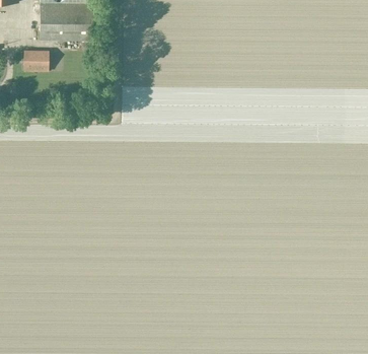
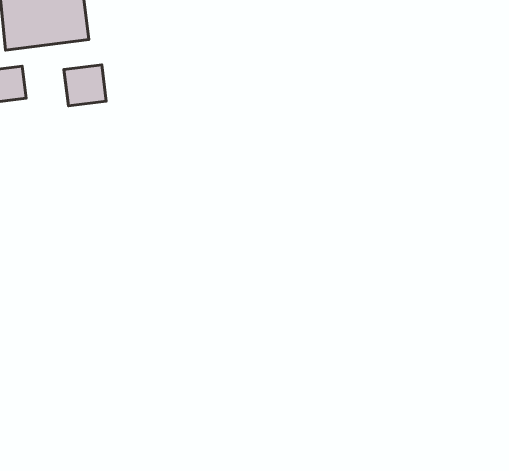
building: none -> [64,65,106,106]

